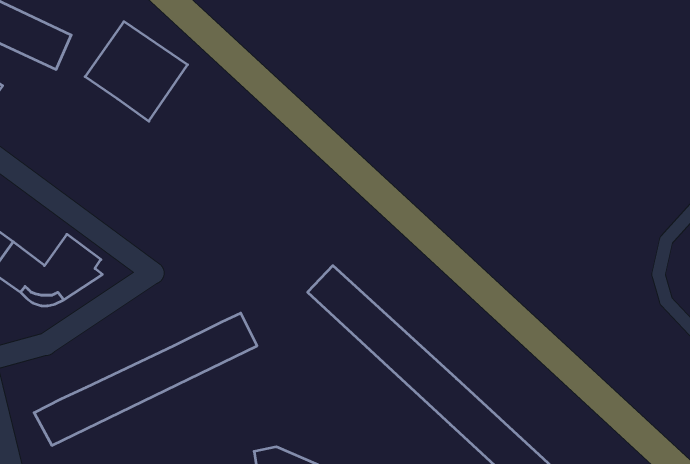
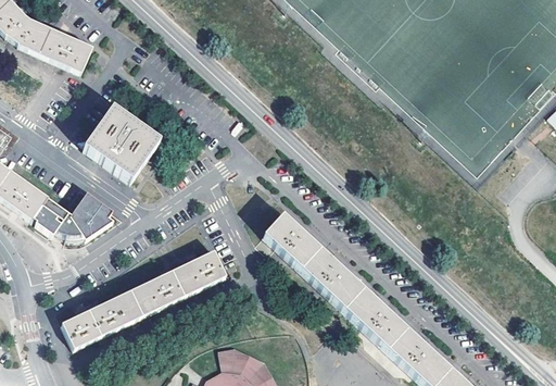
building: [85,22,188,121] -> [84,107,159,179]

